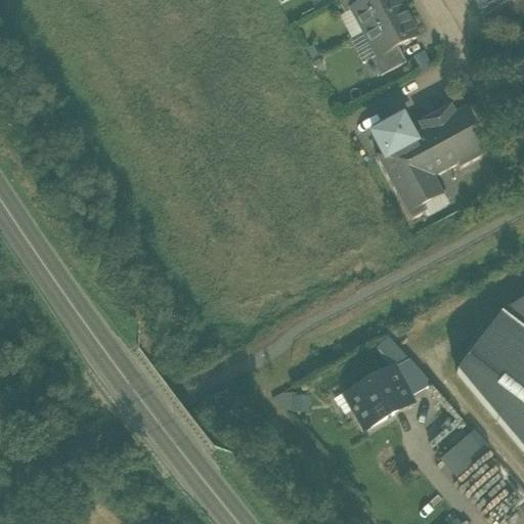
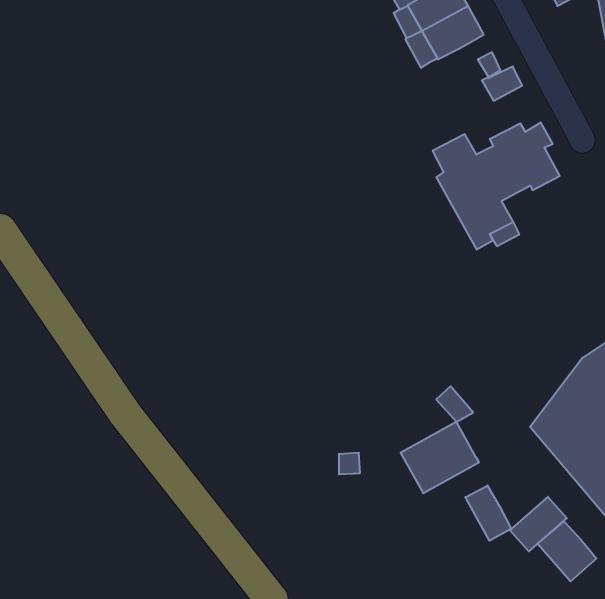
building: [373,41,407,71] -> [482,66,522,101]
building: [395,355,433,393] -> none
building: none -> [465,485,511,541]
building: none -> [538,521,596,581]

